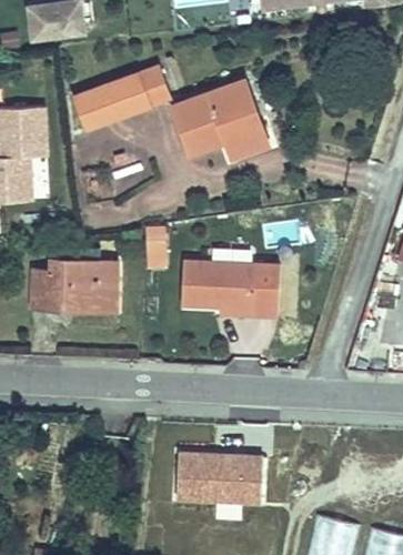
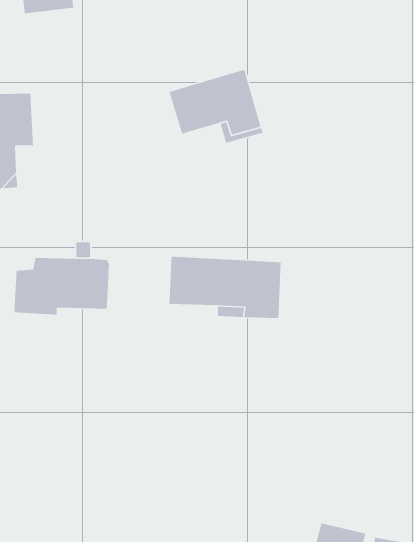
building: [75,69,169,125] -> none
building: [144,222,167,266] -> none
building: [174,446,264,502] -> none

